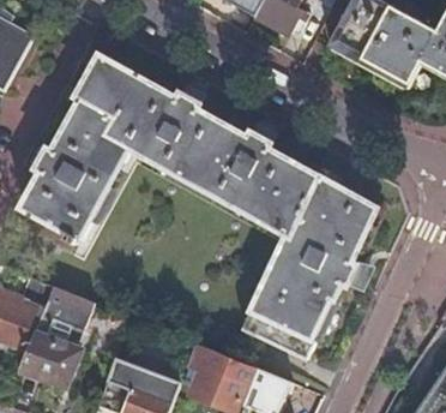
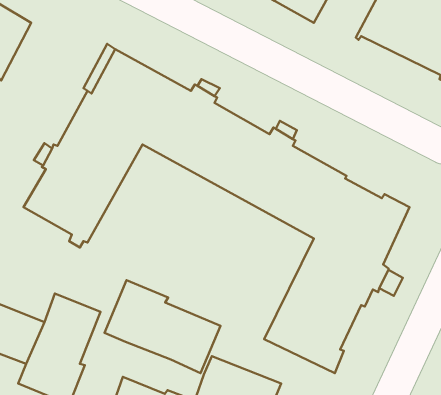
building: none -> [105,280,221,373]

